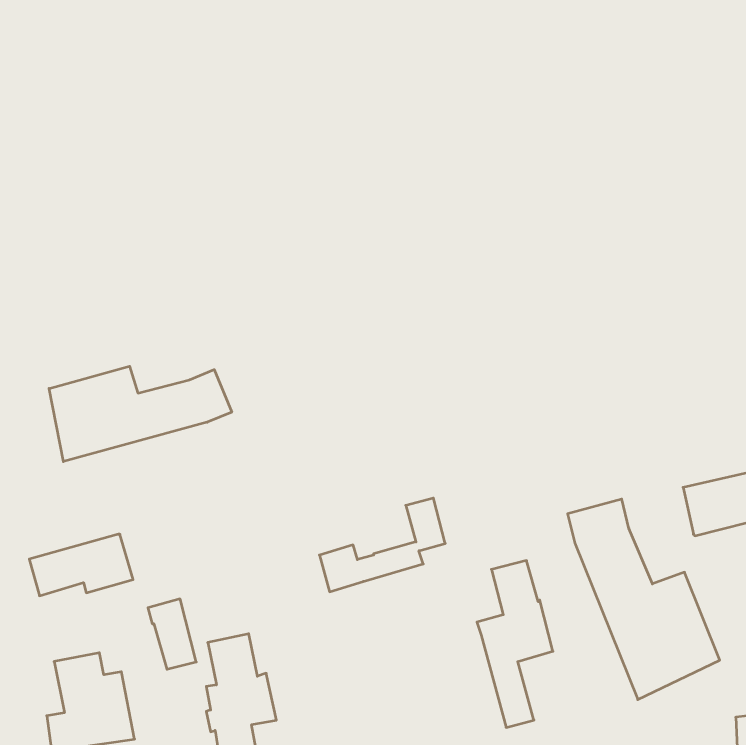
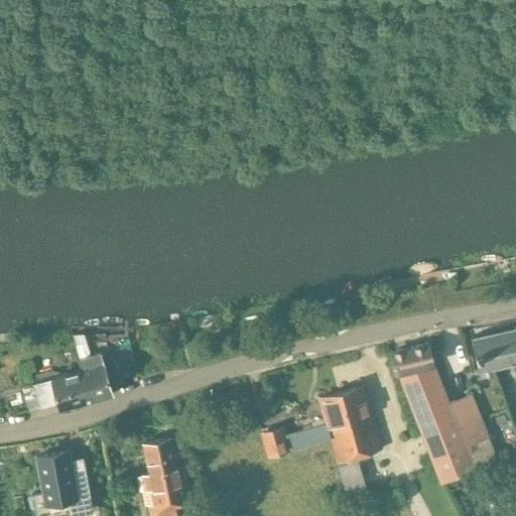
building: [49,366,232,462] -> none
building: [319,498,445,592] -> [261,394,348,459]
building: [148,599,196,669] -> [80,353,113,401]

